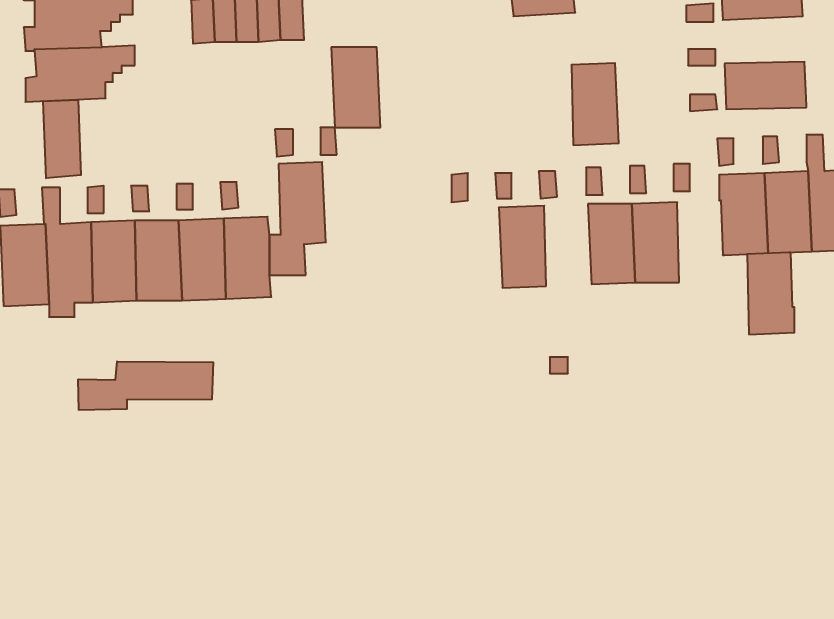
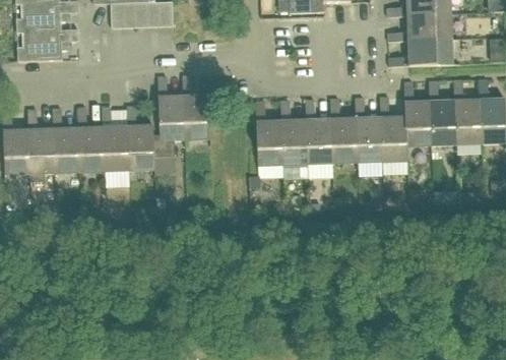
building: none -> [406,12,452,39]
building: [331,47,380,127] -> [183,94,210,138]
building: [571,63,619,145] -> [307,117,333,163]
building: [43,100,81,178] -> none
building: none -> [256,119,283,165]
building: [747,252,794,334] -> [381,115,407,161]
building: [78,361,213,410] -> none

